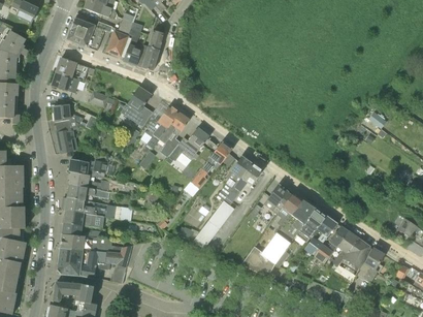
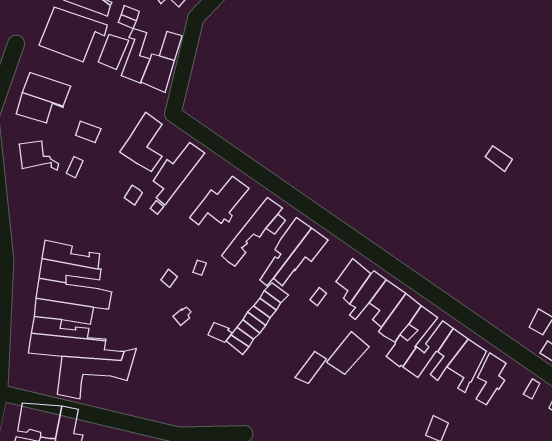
building: [159,113,190,158] -> none
building: [56,120,77,154] -> none
building: [69,155,108,178] -> none
building: [57,249,83,276] -> none

